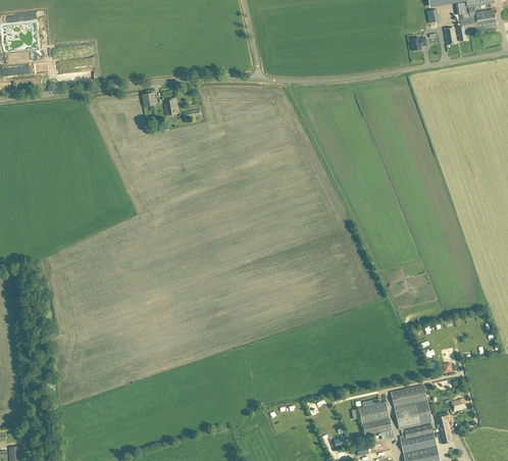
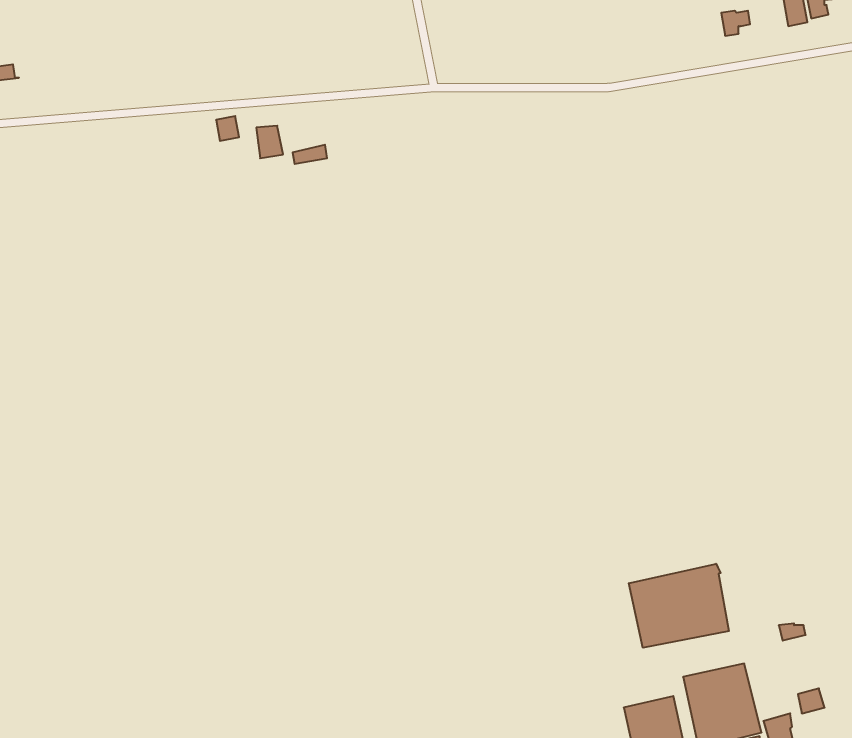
building: none -> [629,564,729,648]

